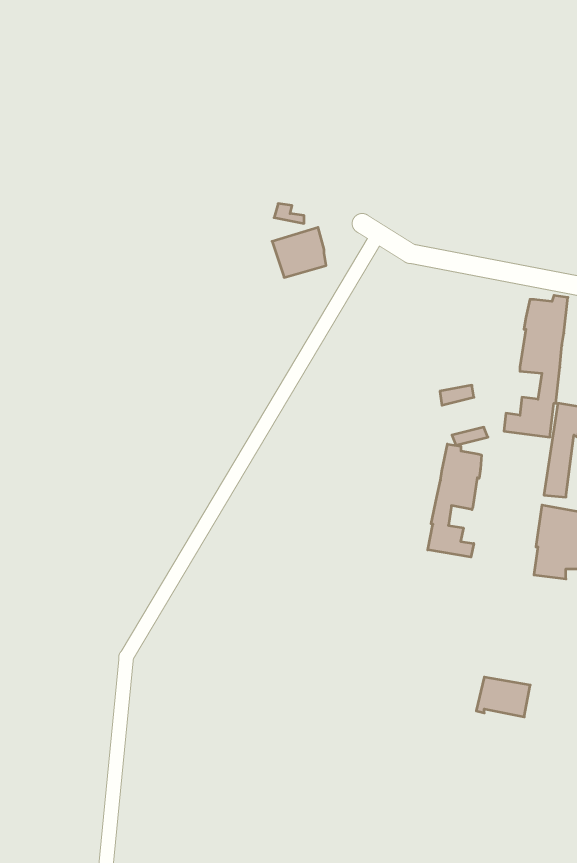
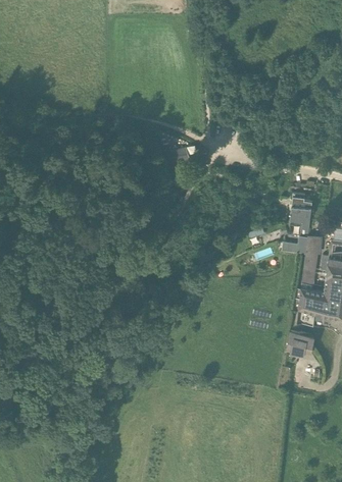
building: [428,444,481,557] -> none
building: [476,677,530,717] -> [287,333,314,354]

